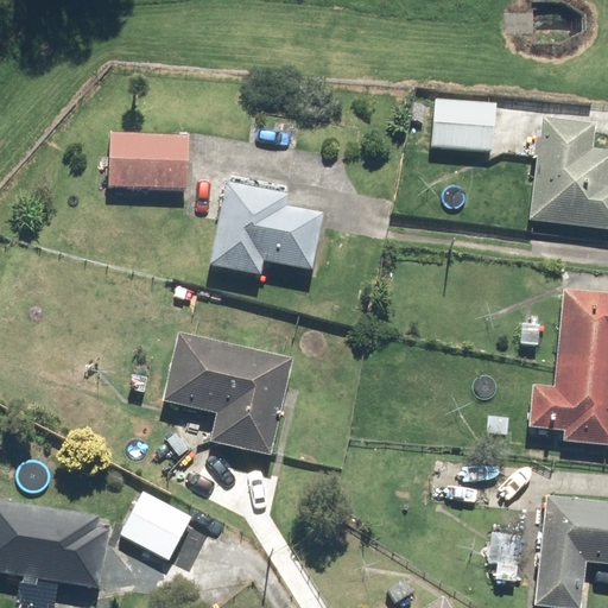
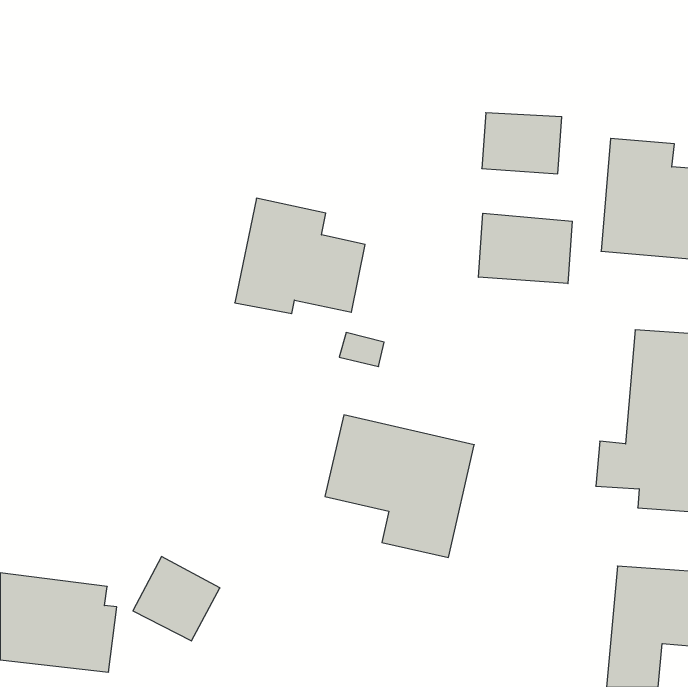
building: [107,128,191,191] -> none
building: none -> [478,213,572,284]
building: [162,331,292,456] -> [325,415,474,557]

